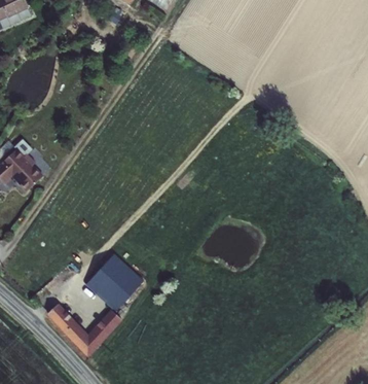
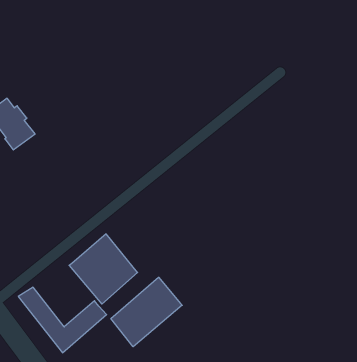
building: none -> [111,277,182,347]

